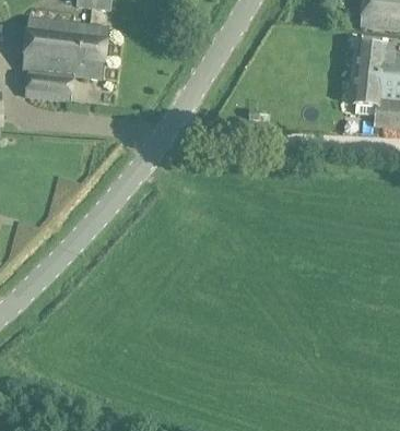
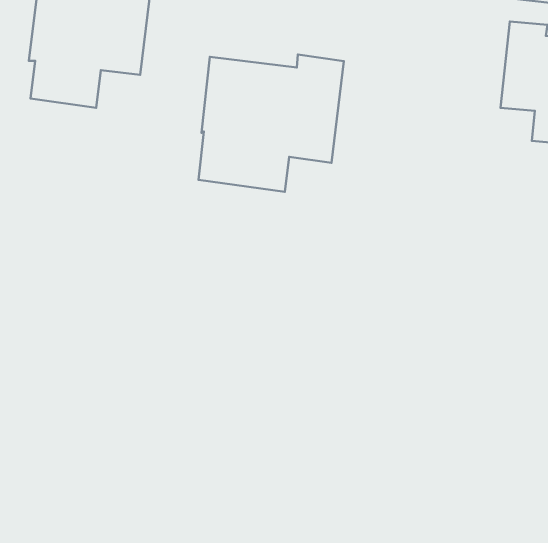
building: none -> [198,54,344,192]

